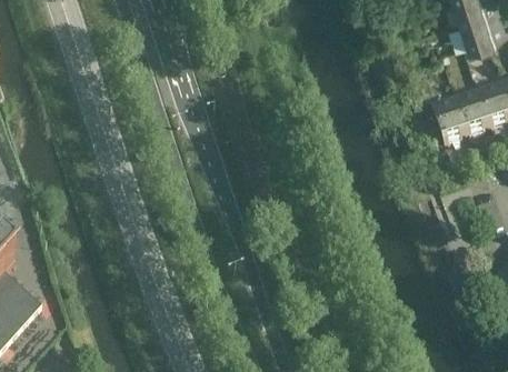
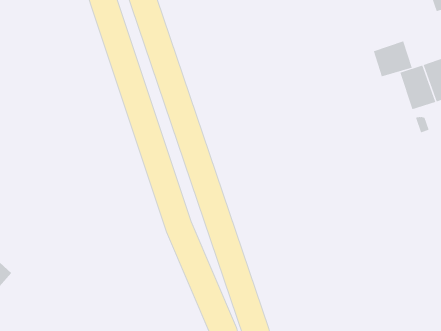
building: none -> [373,41,413,77]

